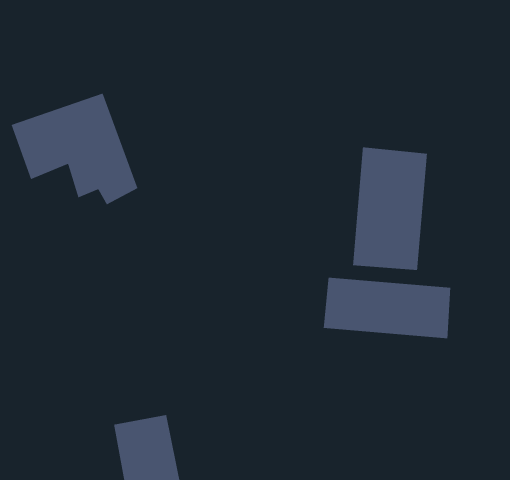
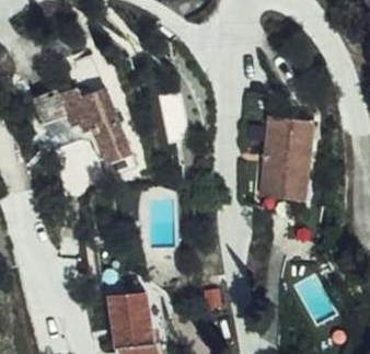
building: [323,277,451,339] -> none

